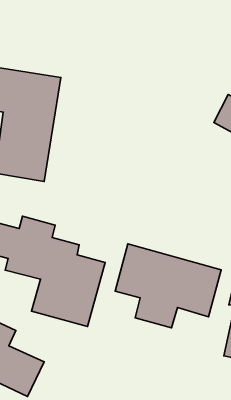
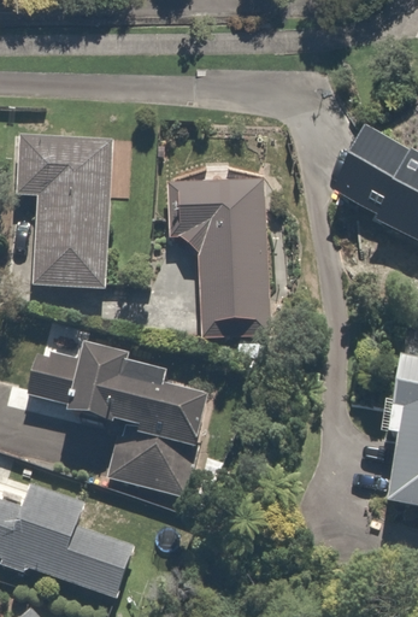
building: none -> [171,175,266,327]
building: [115,244,221,328] -> none

